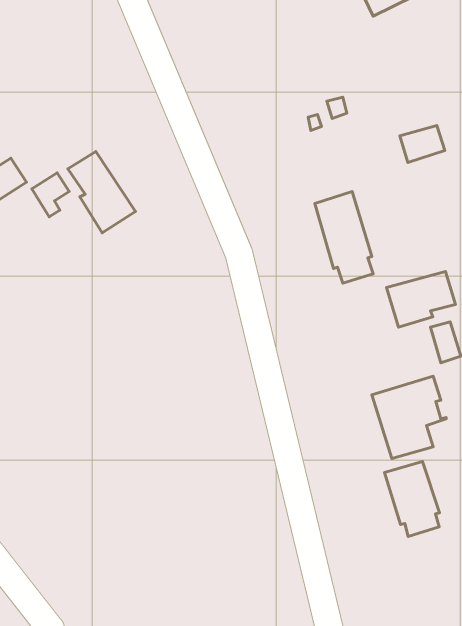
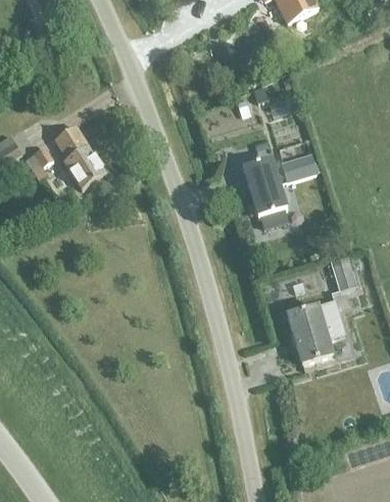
building: [400,125,445,163] -> [282,151,316,180]
building: [387,272,456,327] -> none
building: [385,461,440,536] -> none

